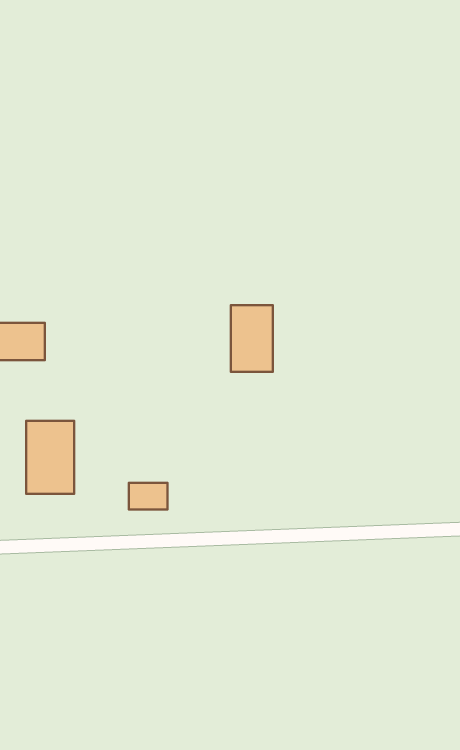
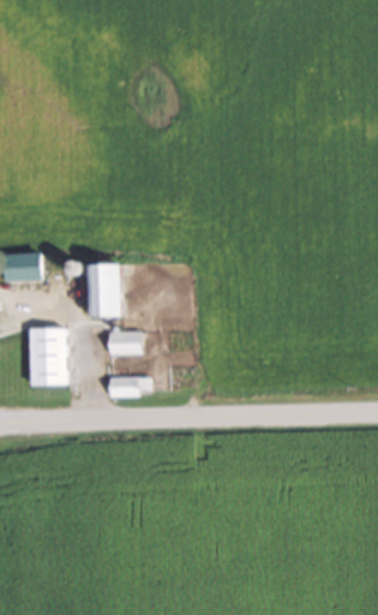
building: [231,305,273,372] -> [90,264,122,316]
building: none -> [107,332,139,353]

